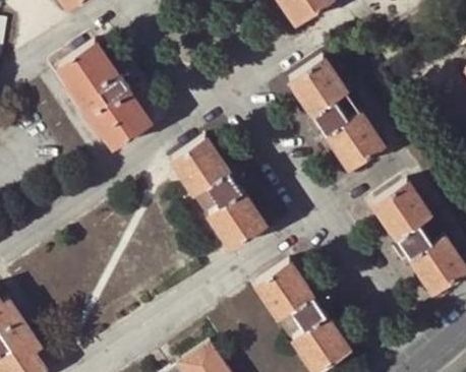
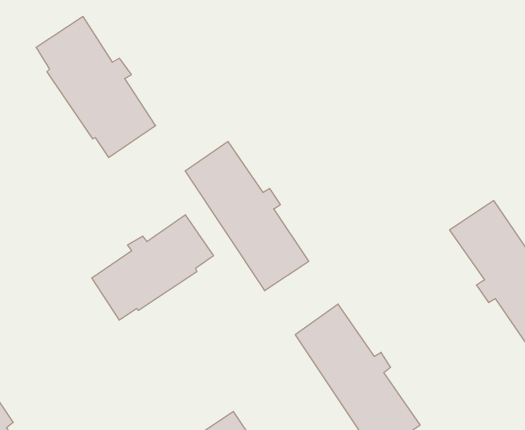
building: [289,56,383,170] -> none
building: none -> [92,215,213,320]

